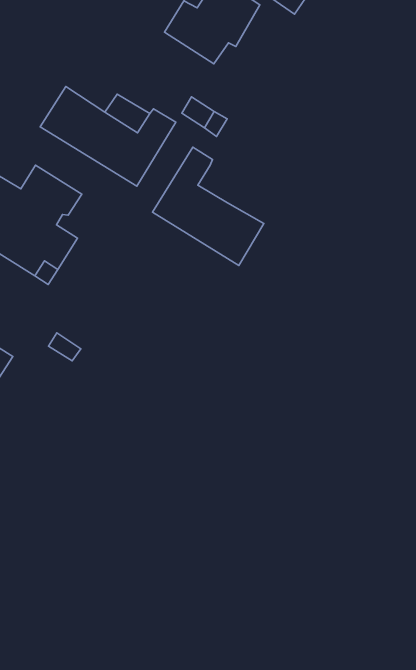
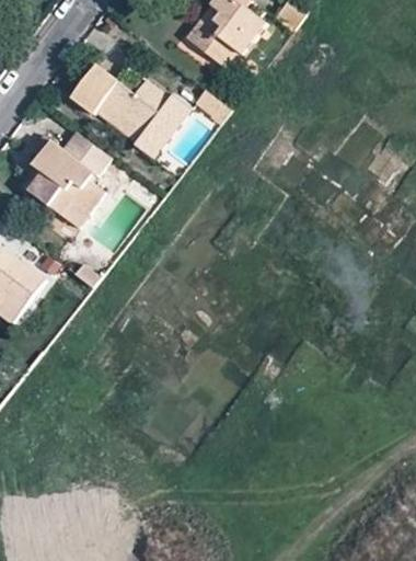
building: [152,147,264,265] -> none

